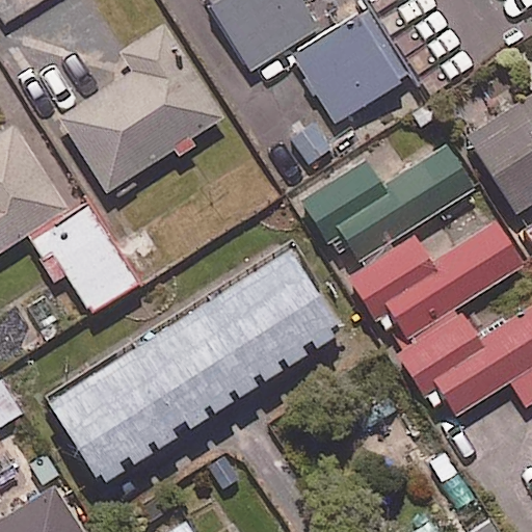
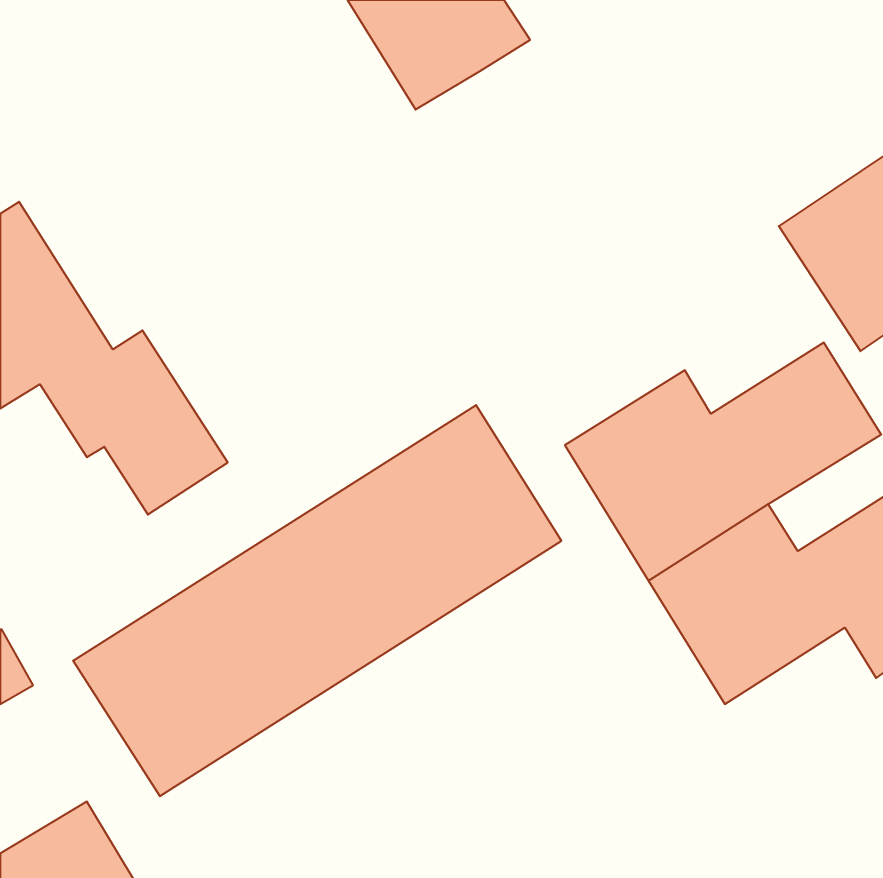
building: [294,10,411,127] -> none
building: [61,24,223,192] -> none
building: [296,140,480,272] -> none

